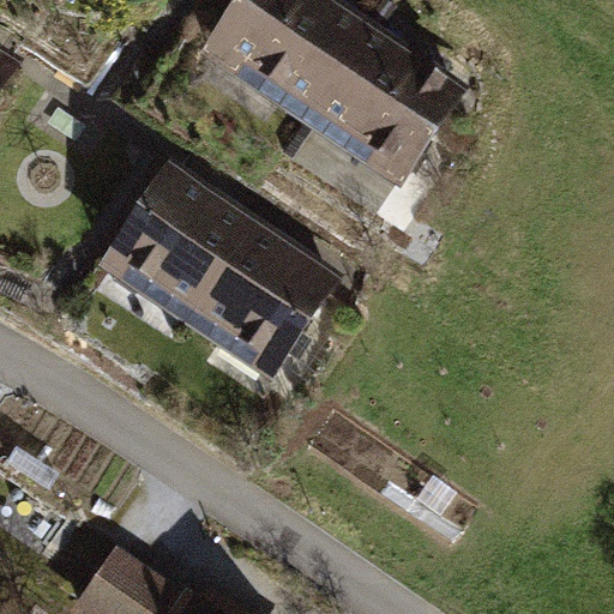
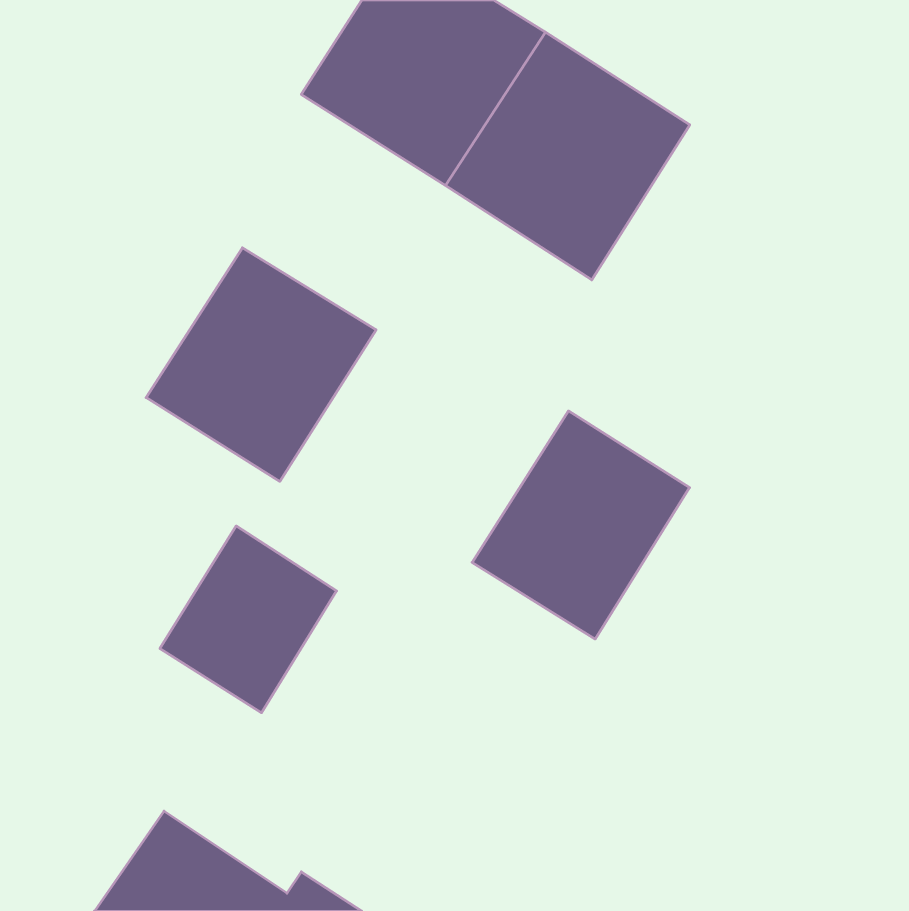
building: [189,222,336,375] -> [472,411,690,639]
building: none -> [160,526,337,713]

